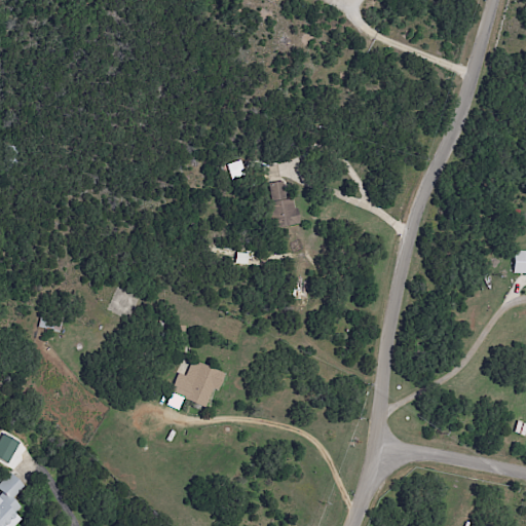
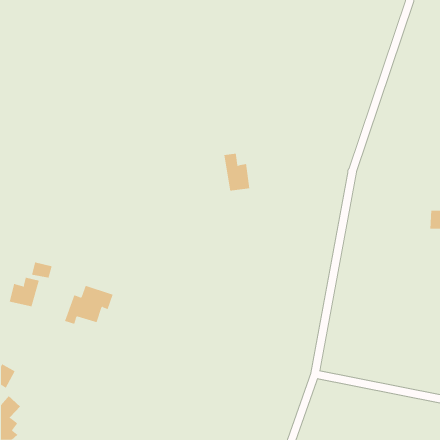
building: none -> [9,277,40,307]
building: [166,362,225,409] -> [64,285,113,325]

